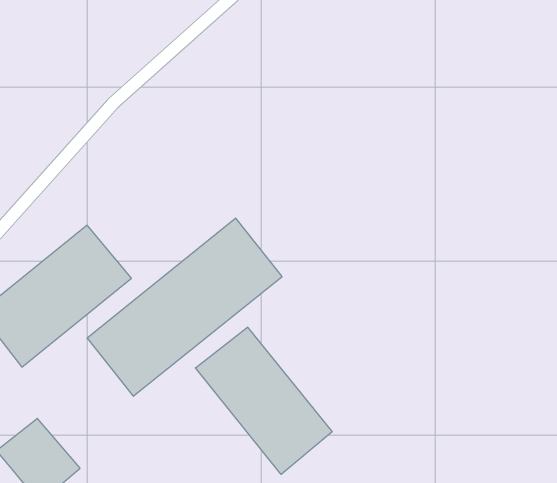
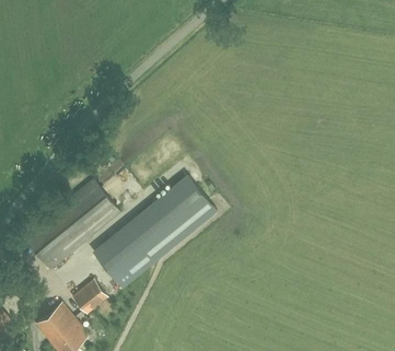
building: [195,327,332,474] -> none
building: none -> [70,277,108,314]

